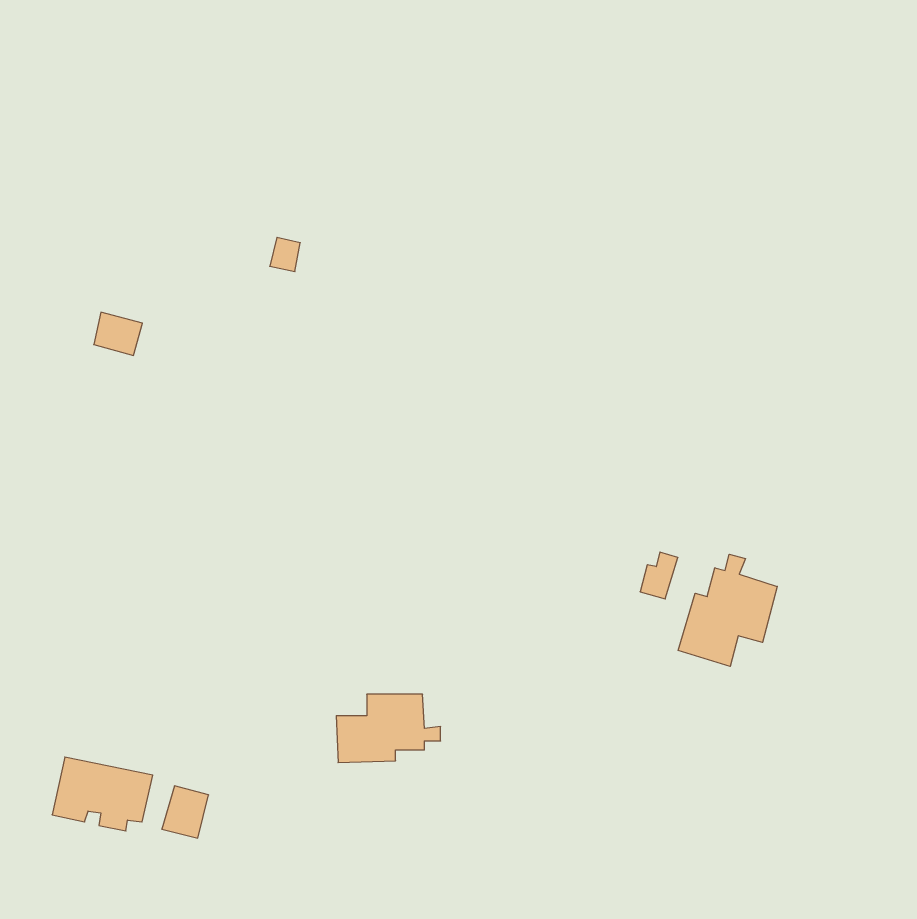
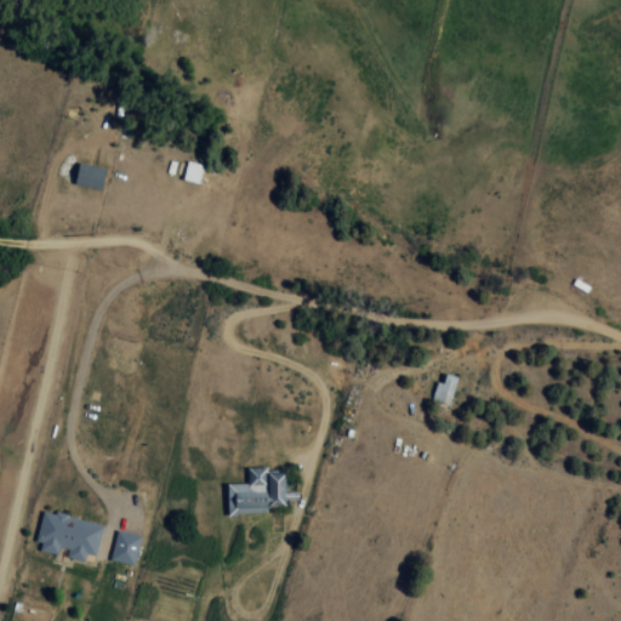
building: [94,312,142,355] -> [75,161,108,190]
building: [678,554,777,666] -> none

